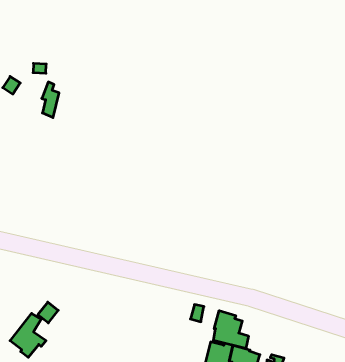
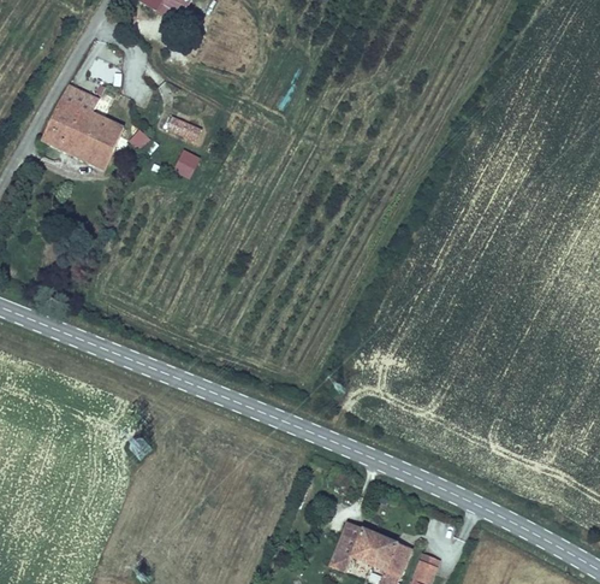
building: [213,311,248,349] -> none
building: [10,313,46,357] -> none

